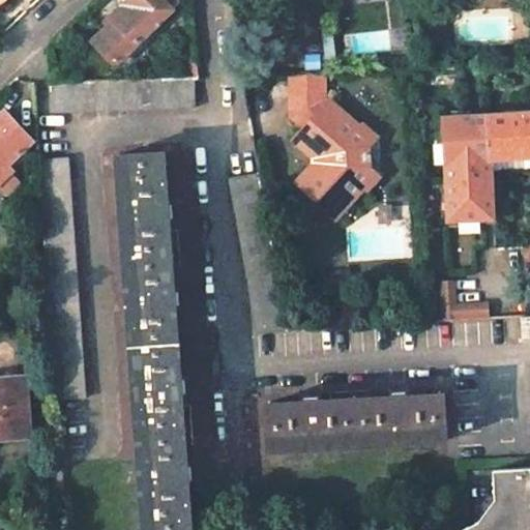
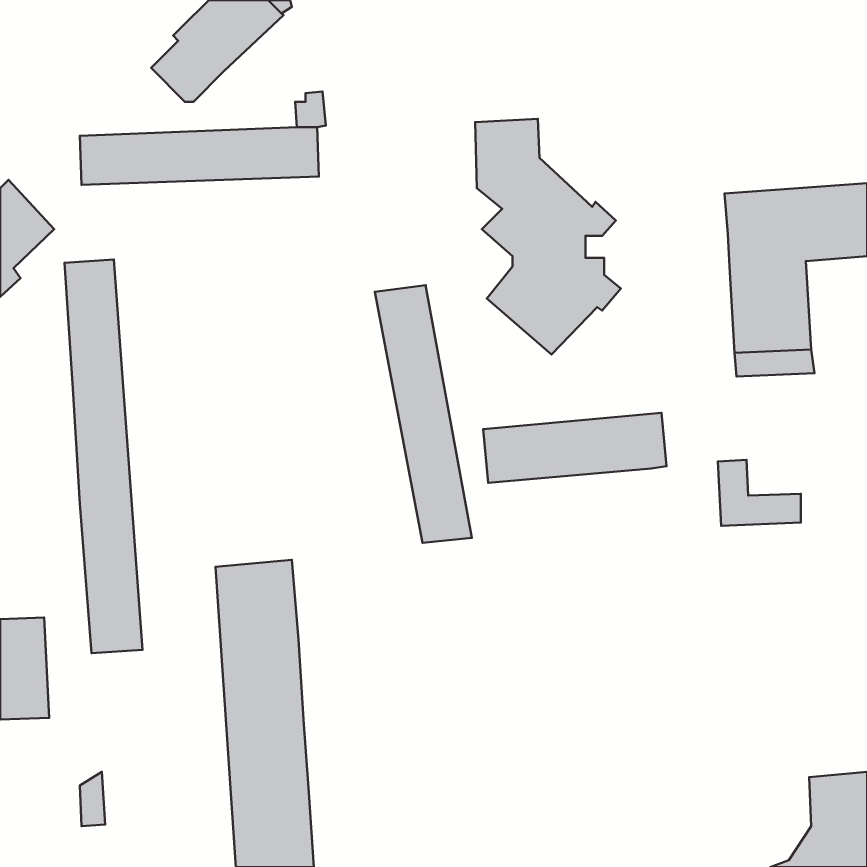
building: [118,151,178,346] -> none
building: none -> [483,413,666,483]
building: [266,393,447,450] -> none

